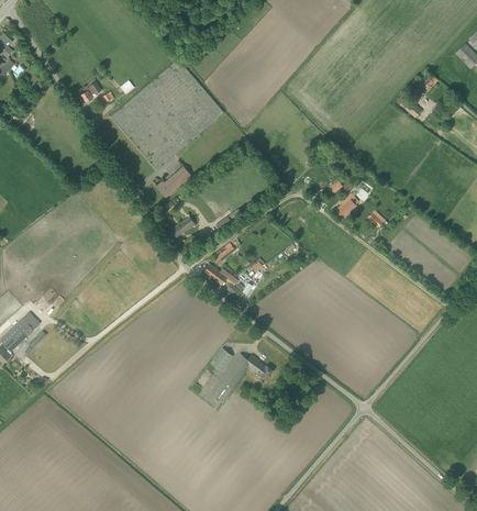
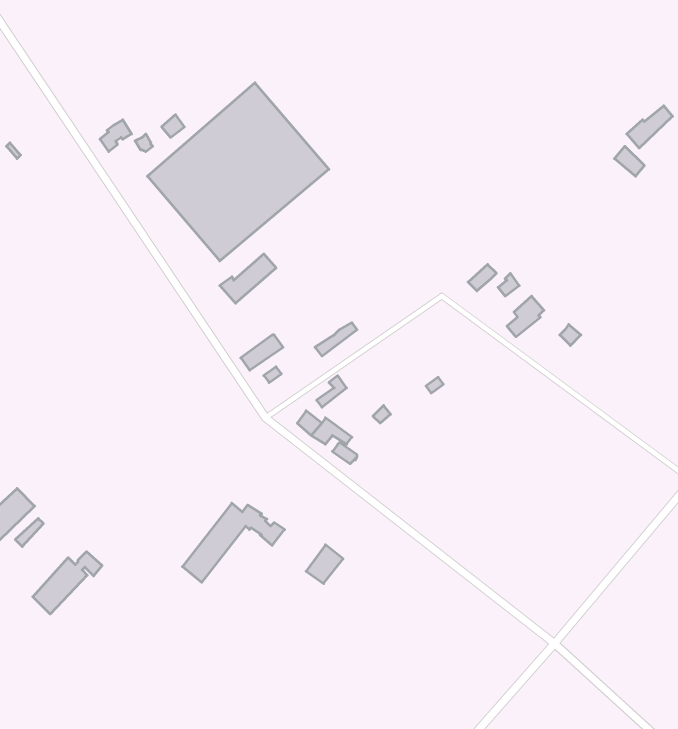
building: none -> [33,552,102,614]
building: [210,353,274,402] -> [182,503,285,582]

